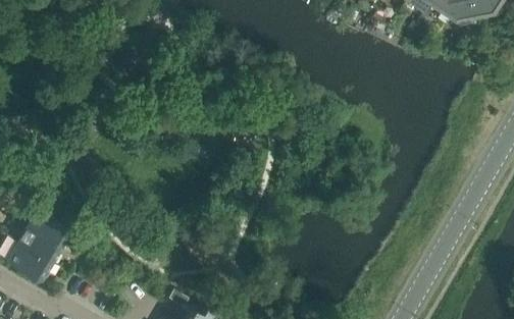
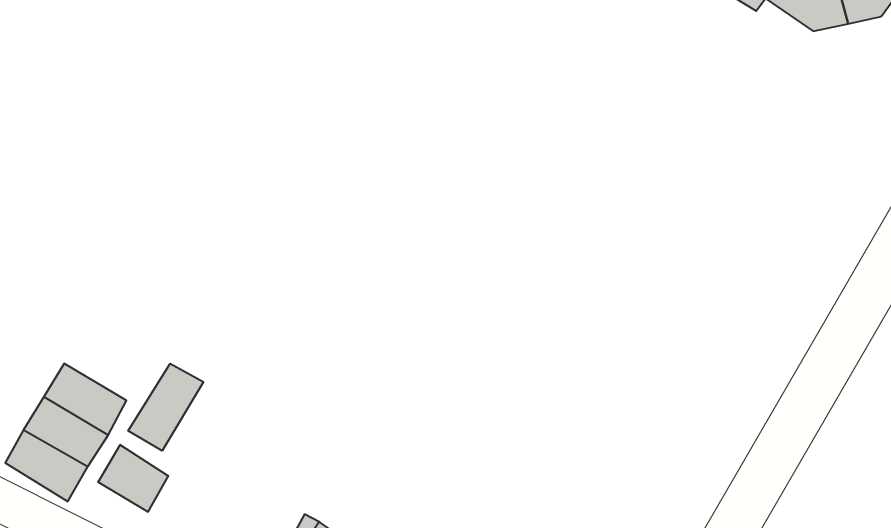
building: none -> [128,364,203,451]
building: none -> [98,445,168,512]

